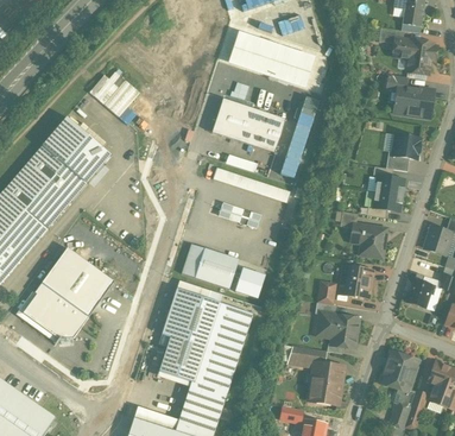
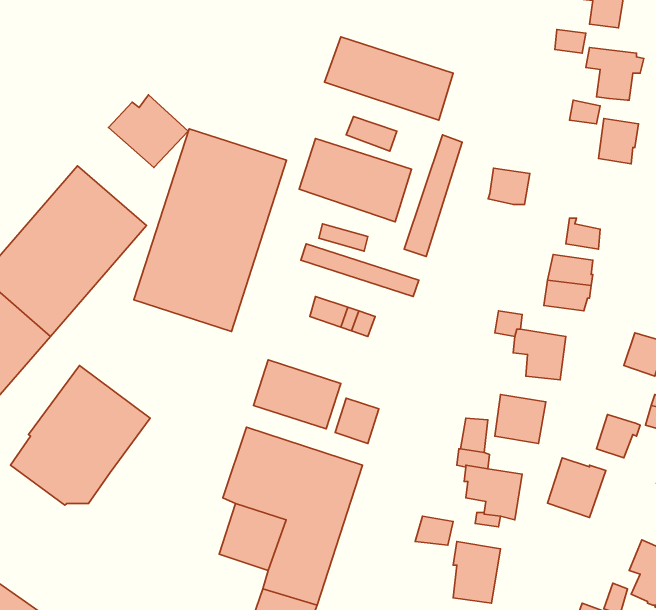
building: none -> [134,129,287,331]
building: [392,134,419,158] -> [488,168,530,204]
building: [380,352,418,391] -> [548,458,606,518]

